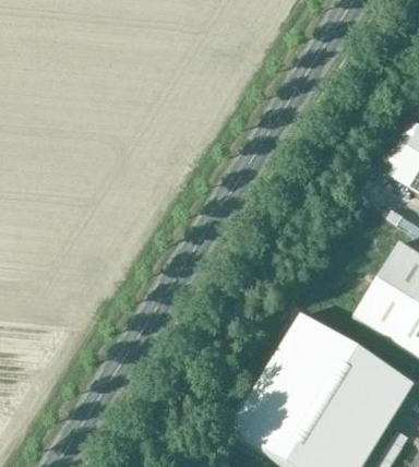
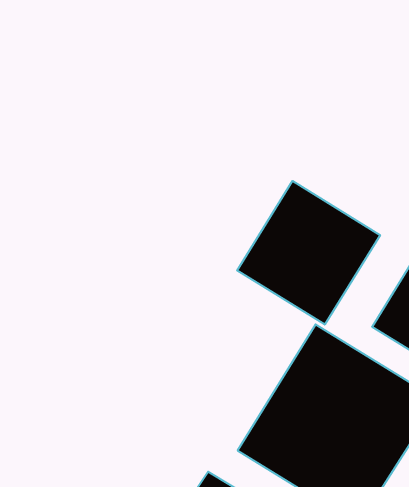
building: none -> [237,181,380,325]

